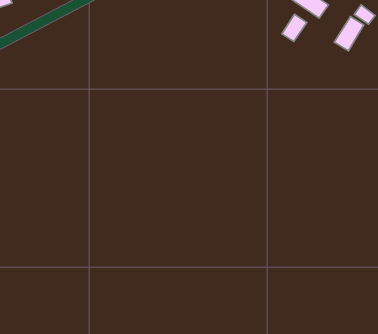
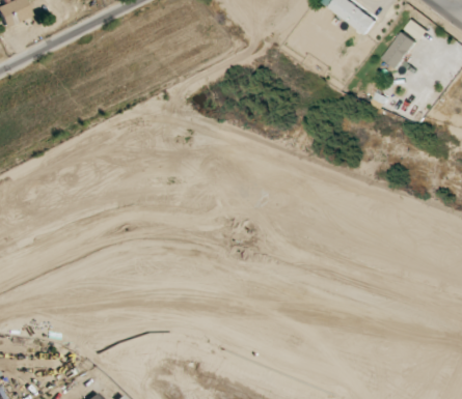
building: [282,14,307,42] -> none

